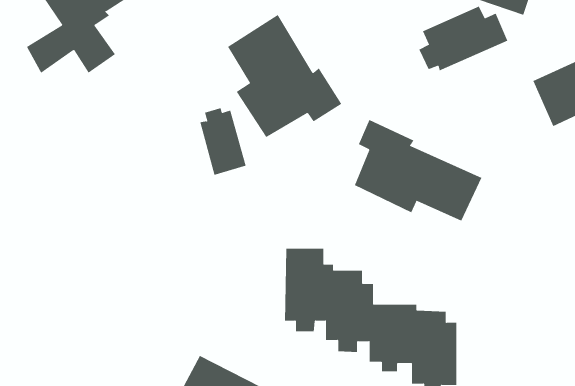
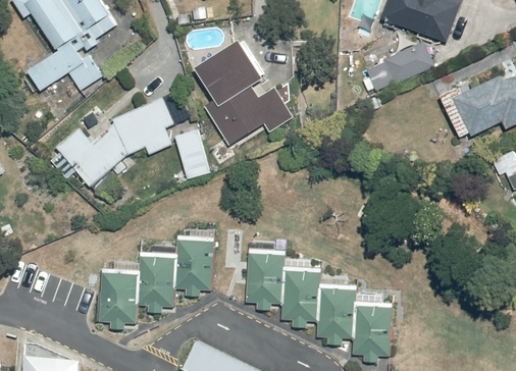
building: none -> [56,97,175,187]
building: [354,119,482,222] -> none
building: none -> [95,225,212,327]

